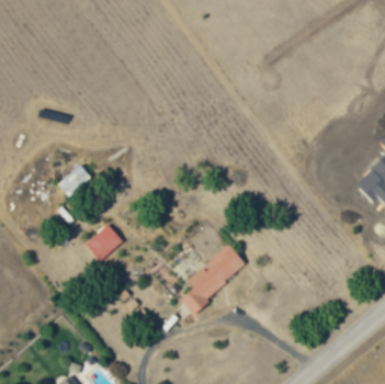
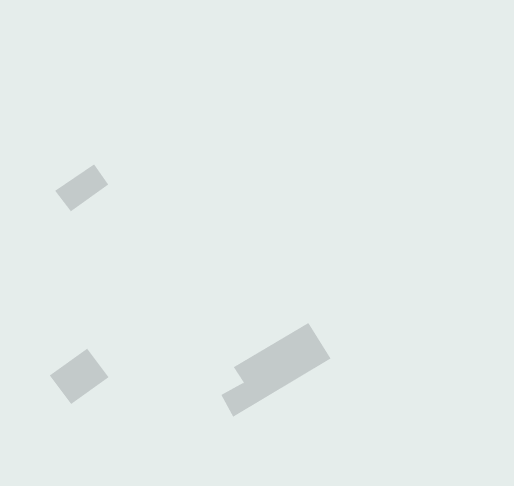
building: [84,225,123,262] -> [49,348,109,405]

